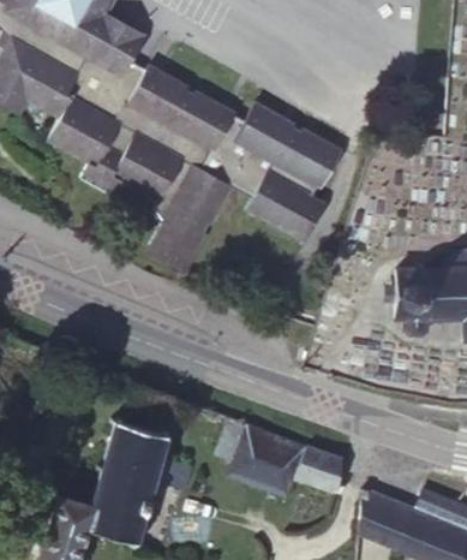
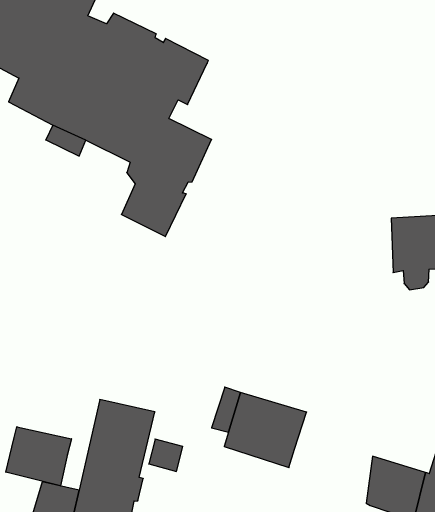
building: [196,102,342,243] -> none
building: none -> [6,427,71,486]
building: [294,445,345,495] -> none

